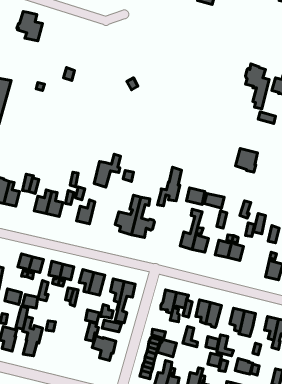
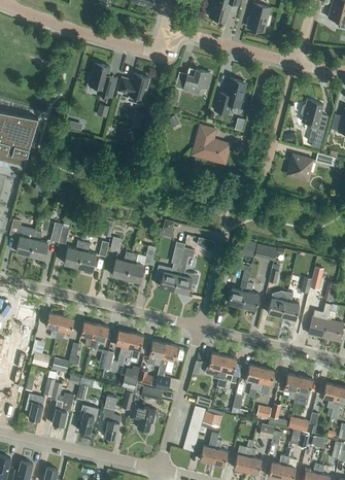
building: [17,12,42,41] -> [88,64,116,97]
building: none -> [175,67,211,94]
building: none -> [117,73,149,104]
building: none -> [214,78,246,114]
building: none -> [193,126,230,163]
building: [236,148,258,172] -> [287,155,312,181]
building: [94,154,121,187] -> [126,245,156,282]
building: [158,167,181,206] -> none
building: none -> [308,307,330,338]
building: none -> [102,396,120,440]
building: none -> [78,404,99,433]

